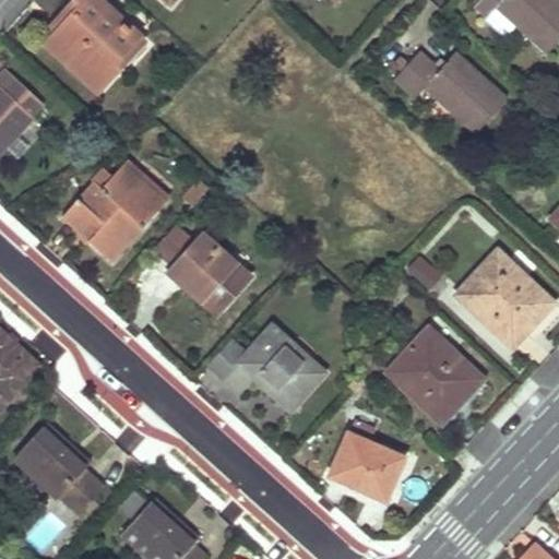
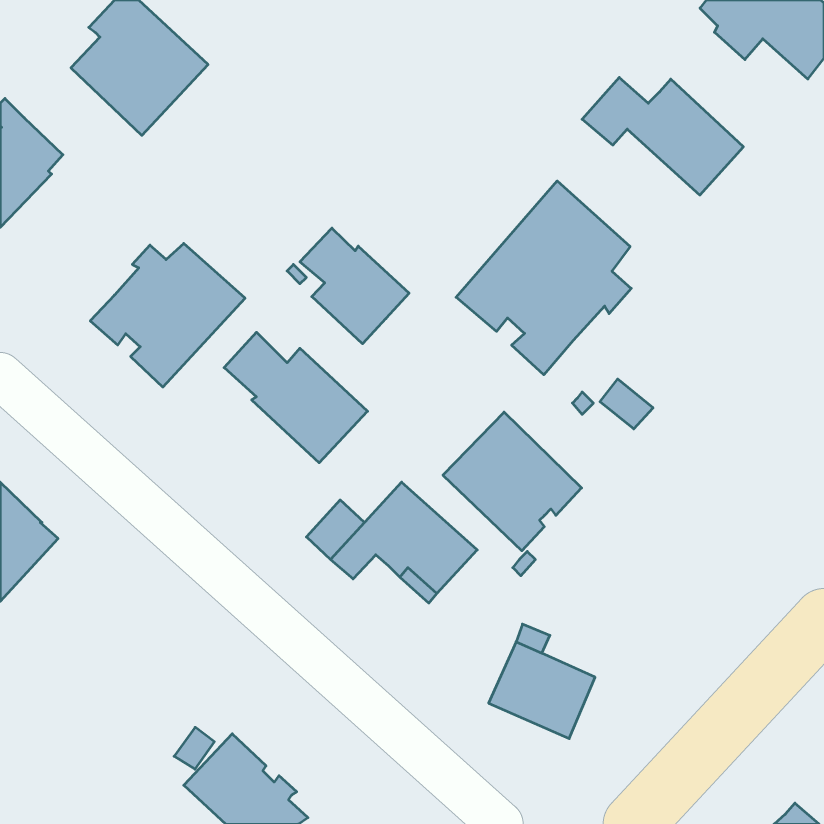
building: none -> [456,181,631,375]
building: none -> [300,228,409,344]
building: [457,251,551,346] -> none
building: [388,329,481,423] -> [443,412,582,551]
building: [15,423,107,513] -> none

